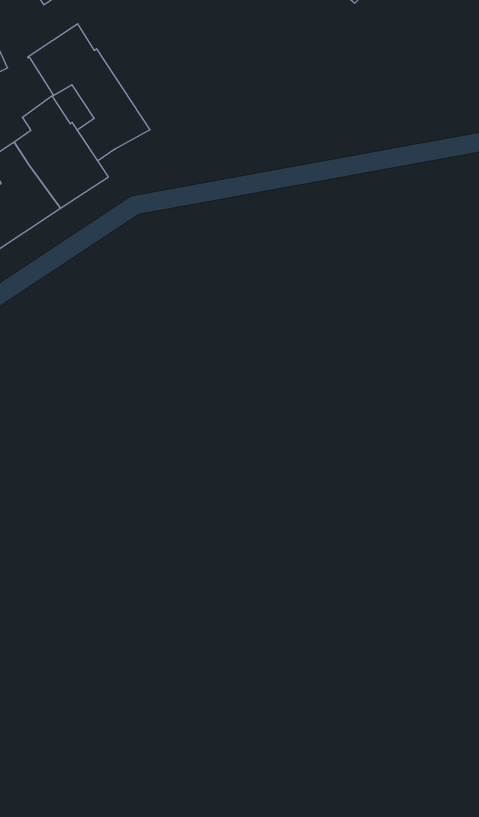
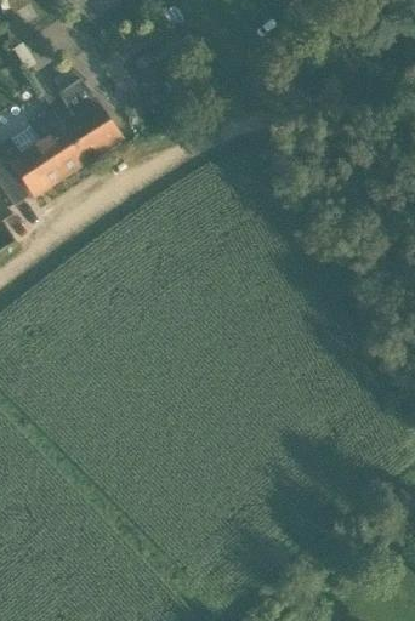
building: [28,24,150,161] -> none

